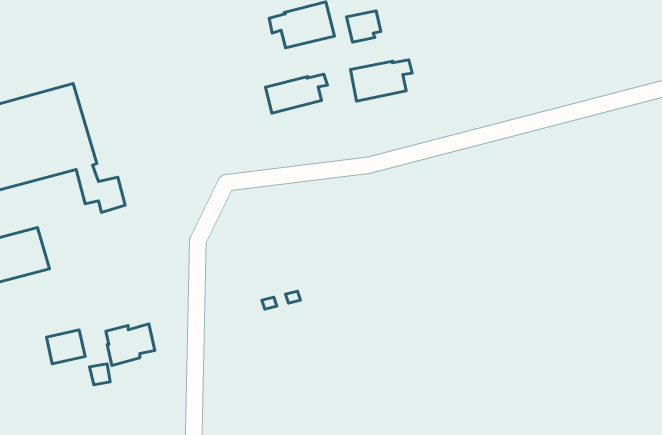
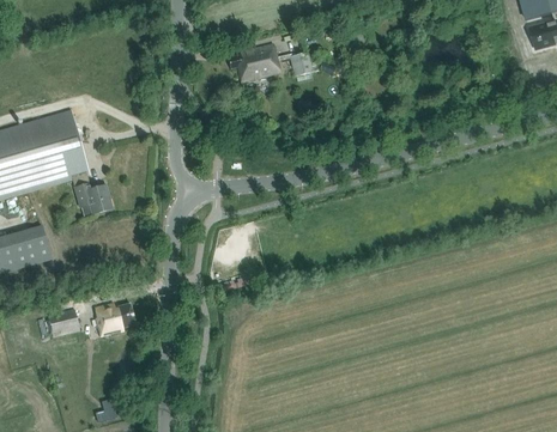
building: [350,60,412,101] -> none
building: [266,74,327,113] -> none

